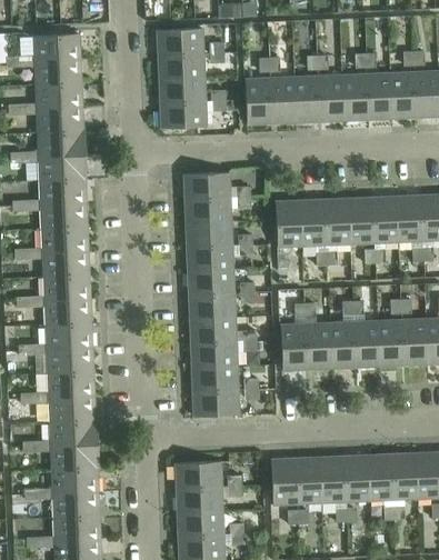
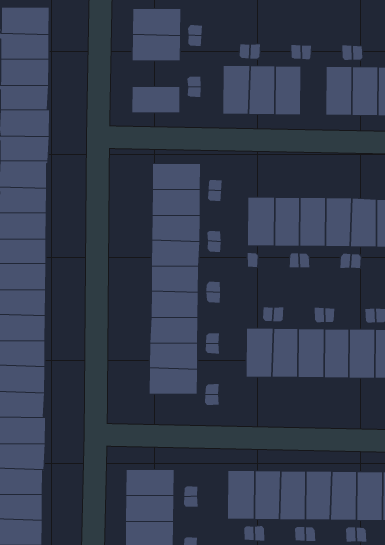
building: [318,74,343,121] -> none
building: [159,77,206,103] -> none
building: [192,389,239,416] -> none

